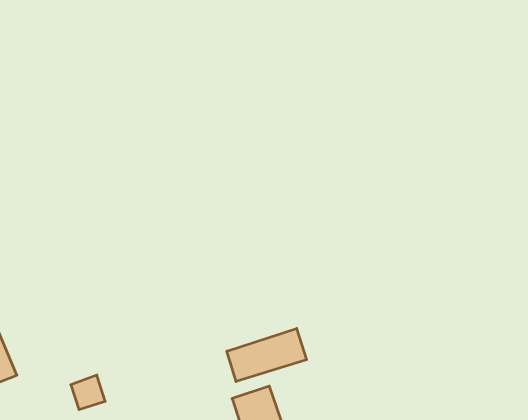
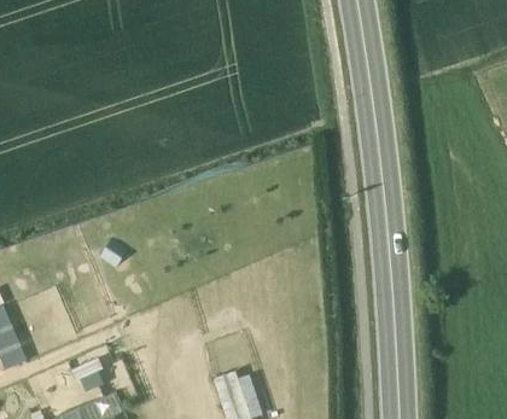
building: [227,328,307,382] -> none

